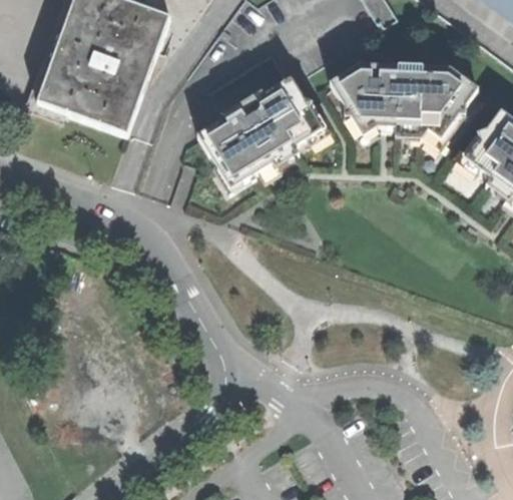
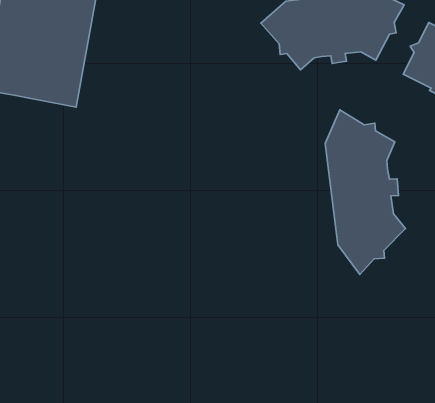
building: [199,75,324,183] -> none
building: none -> [325,110,405,275]

